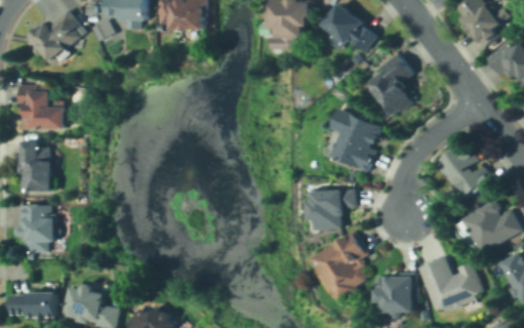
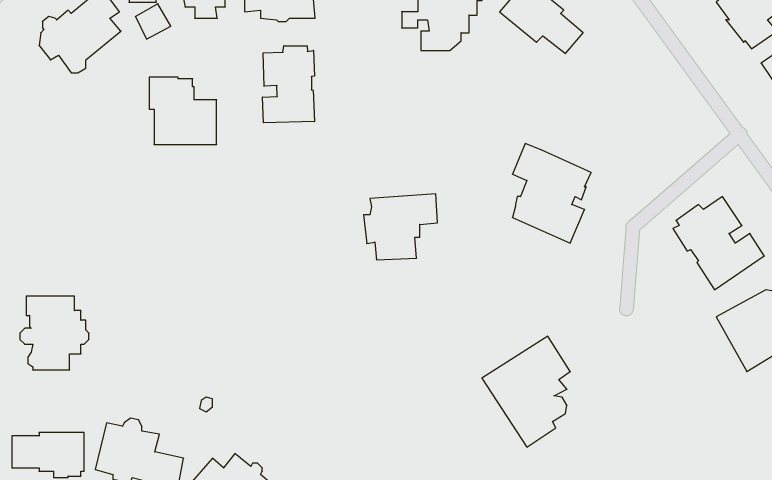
building: none -> [263,46,314,123]
building: [370,53,412,114] -> none
building: [17,85,61,128] -> [149,77,217,145]
building: [17,141,51,191] -> none
building: [308,188,355,230] -> [364,194,437,260]
building: [417,255,481,311] -> none
building: [374,272,418,317] -> none

